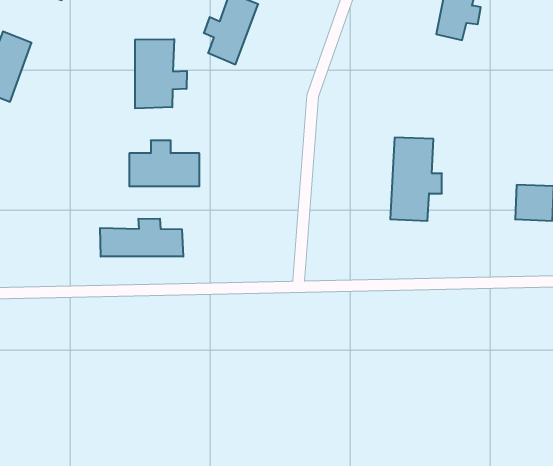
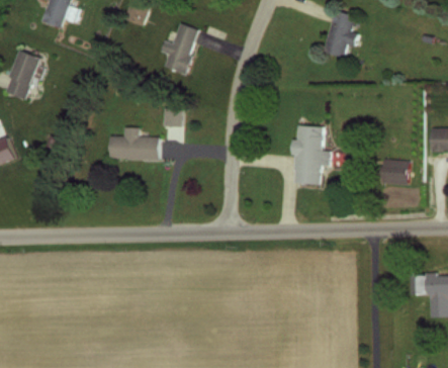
building: [135,39,187,108] -> none
building: [100,219,183,257] -> none

